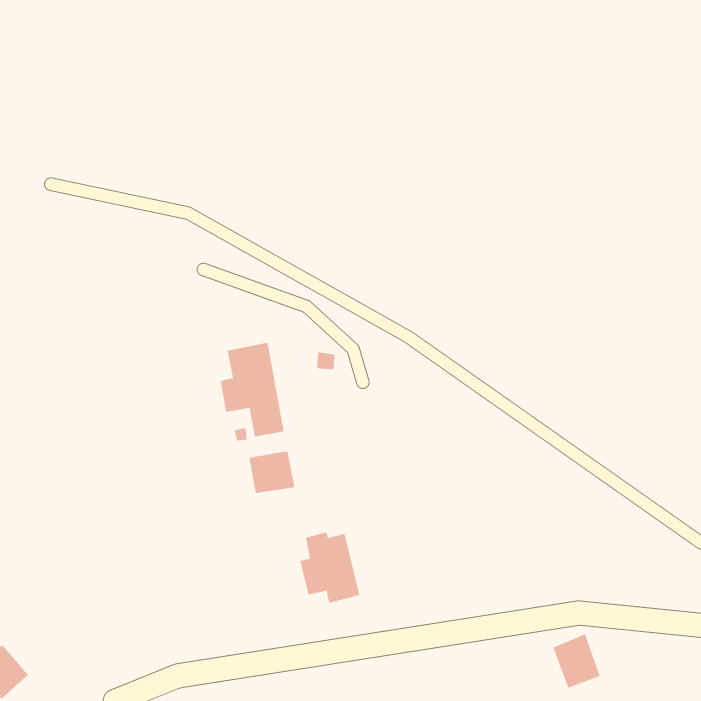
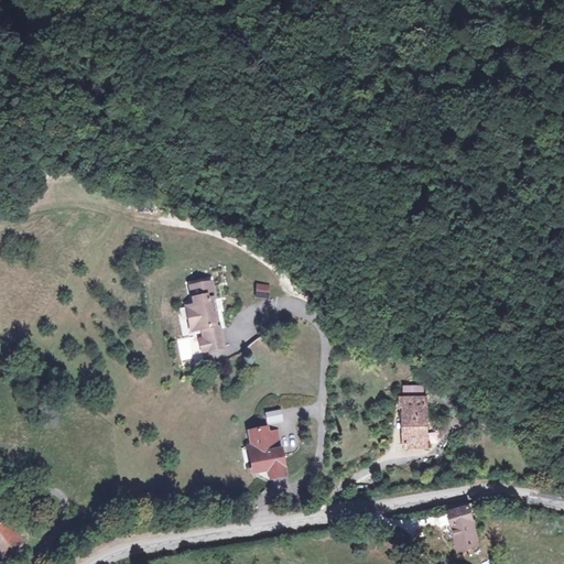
building: [249,450,295,494] -> none
building: none -> [391,393,430,445]

